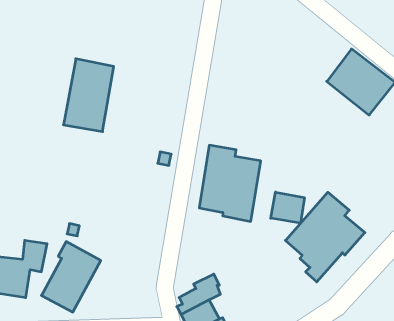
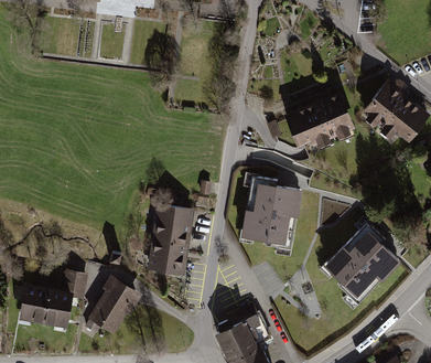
building: [63,59,114,132] -> [146,202,195,274]
building: none -> [283,95,349,148]
building: [271,192,304,223] -> none

